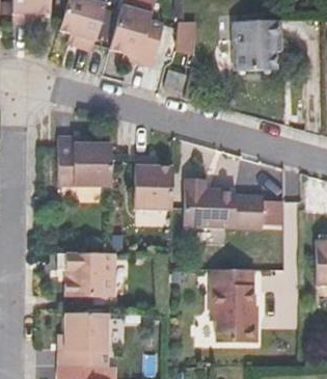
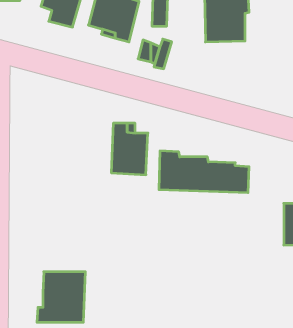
building: [58,136,113,185] -> none
building: [58,252,113,297] -> none
building: [210,269,255,342] -> none

